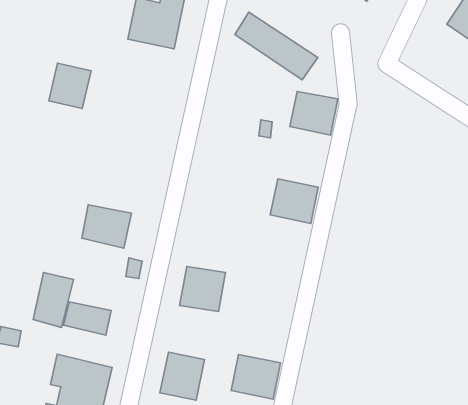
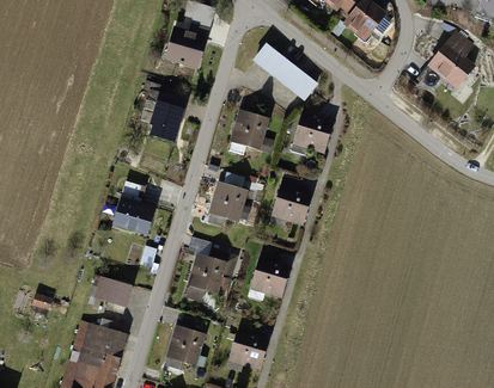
building: [49,63,91,109] -> [144,101,181,141]
building: none -> [231,110,267,149]
building: none -> [209,181,248,222]
building: none -> [248,258,288,296]
building: [33,272,74,327] -> none

